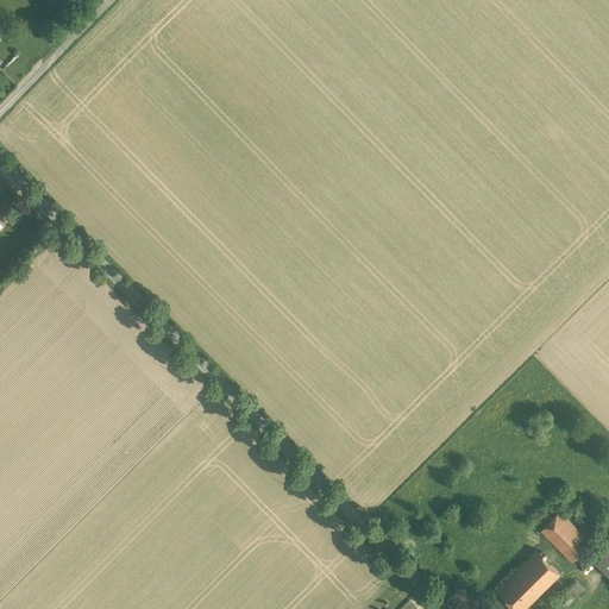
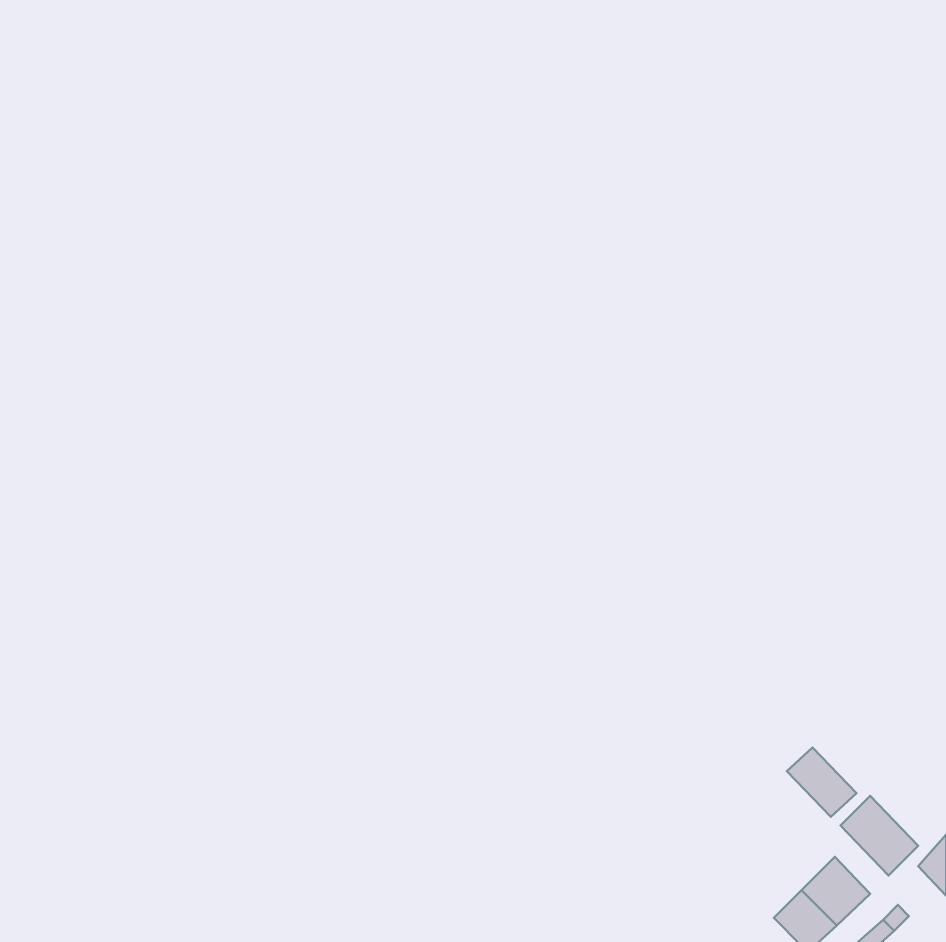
building: none -> [787,748,856,817]

